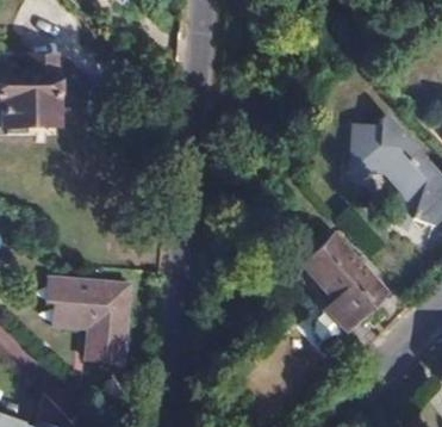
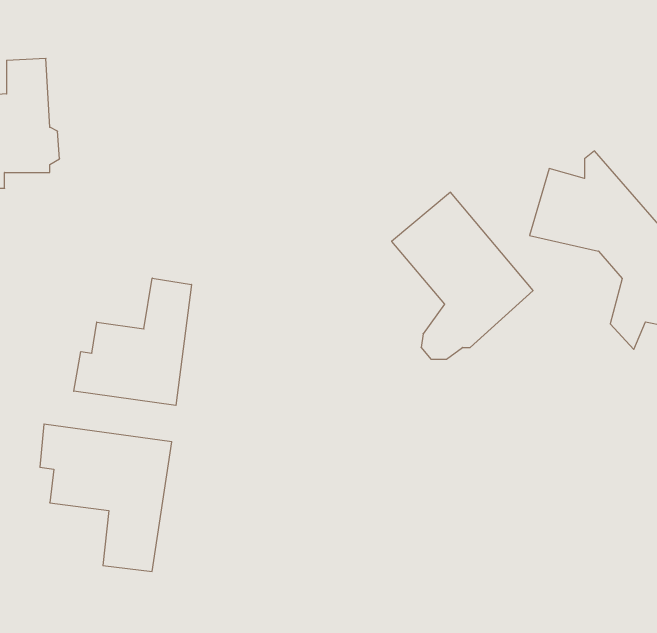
building: none -> [74,278,191,405]
building: [301,236,387,338] -> [392,192,533,359]

